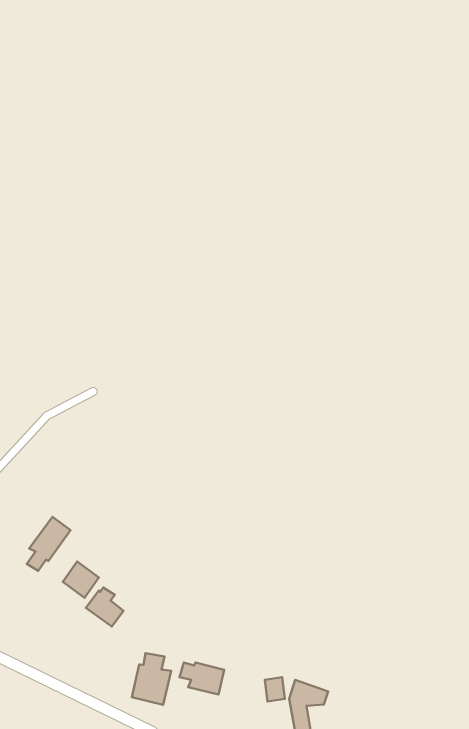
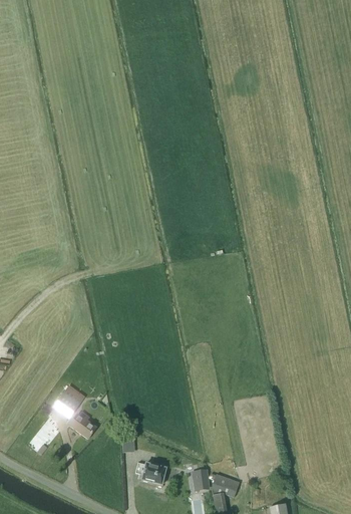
building: [27,517,71,571] -> none
building: [132,653,171,705] -> none

